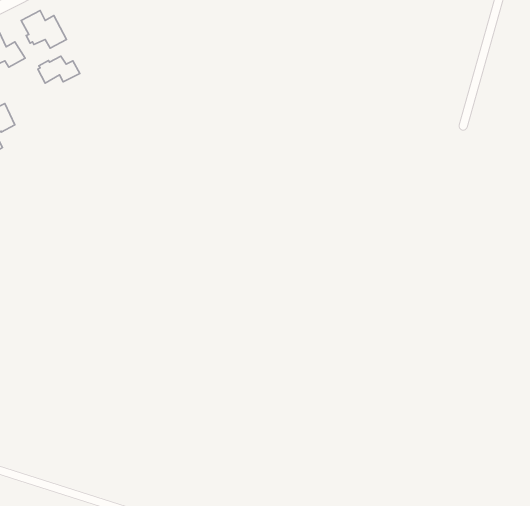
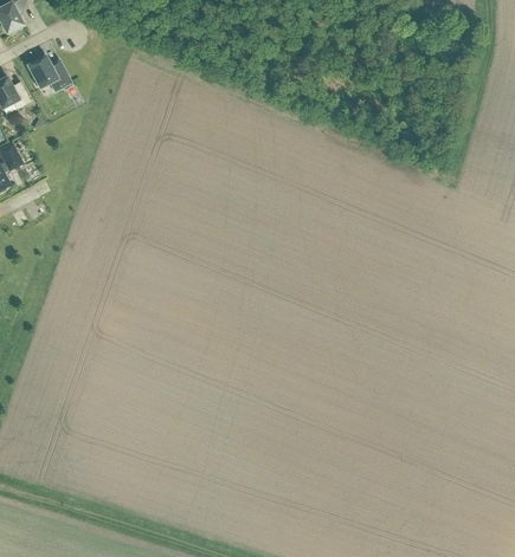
building: [38,56,80,83] -> none

